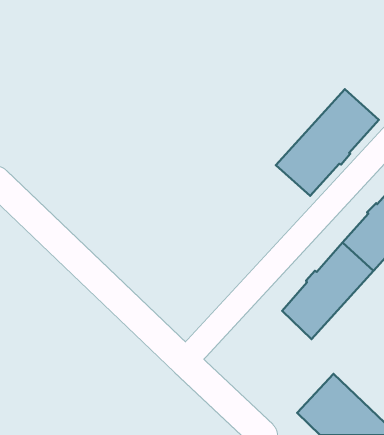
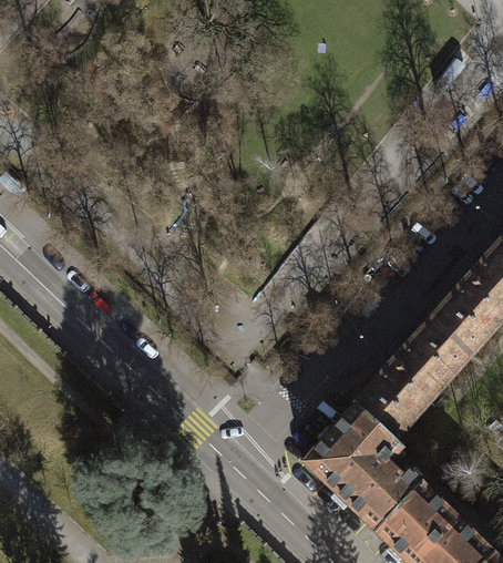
building: [276,89,379,196] -> none
building: none -> [301,403,421,531]

